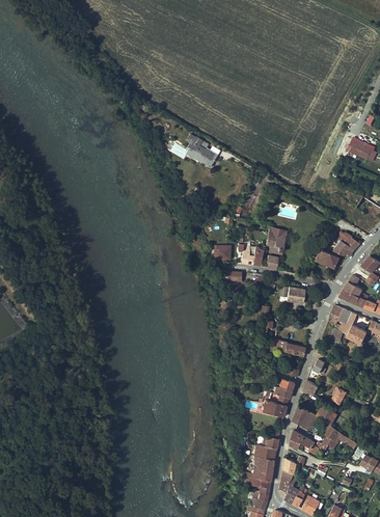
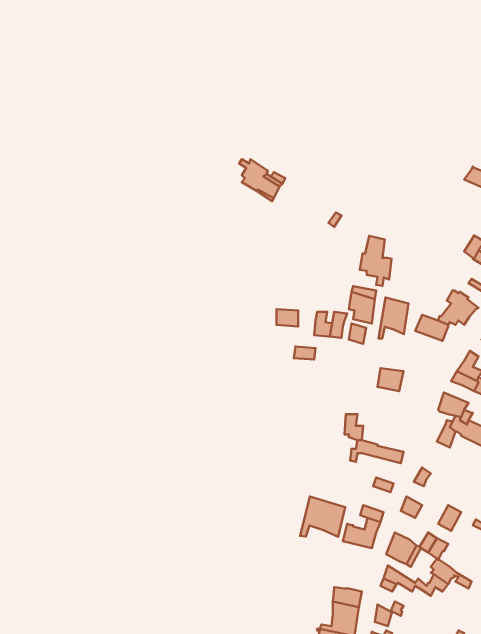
building: none -> [360,236,391,286]
building: none -> [379,298,409,338]
building: none -> [300,496,345,537]

